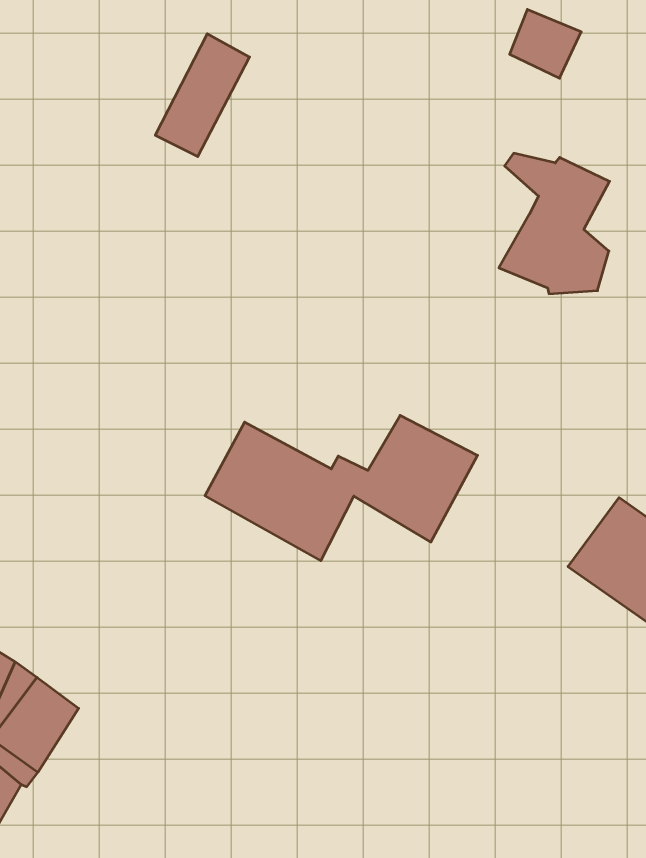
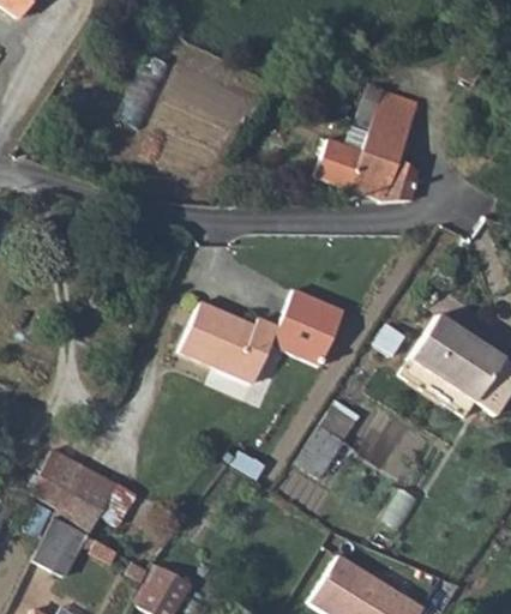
building: [510,9,581,78] -> [380,86,423,127]
building: none -> [313,138,365,187]
building: none -> [309,416,357,476]

